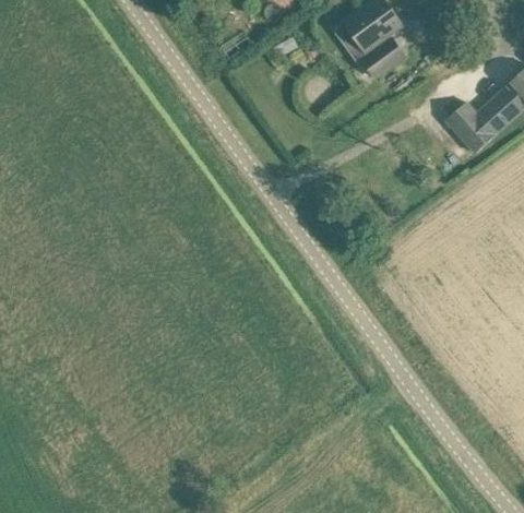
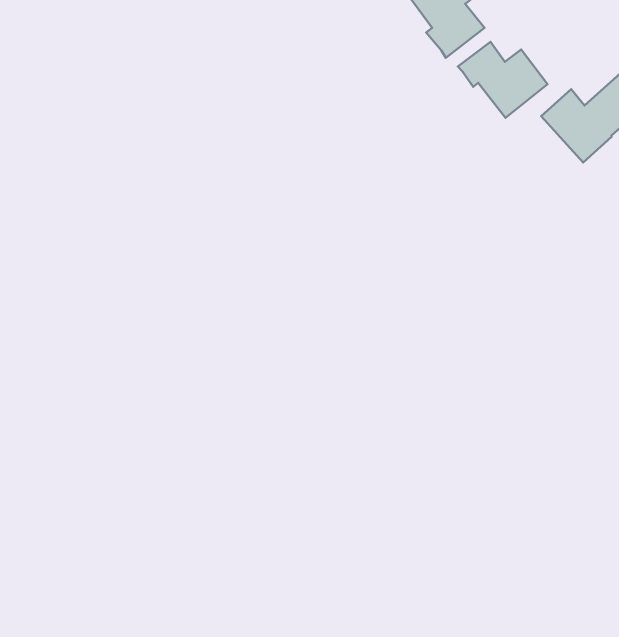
building: none -> [458,42,547,118]

